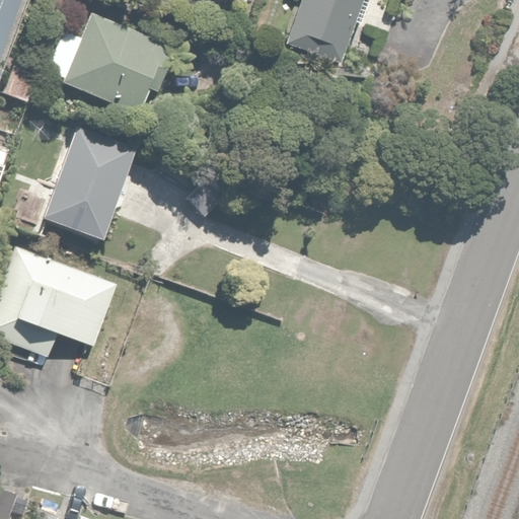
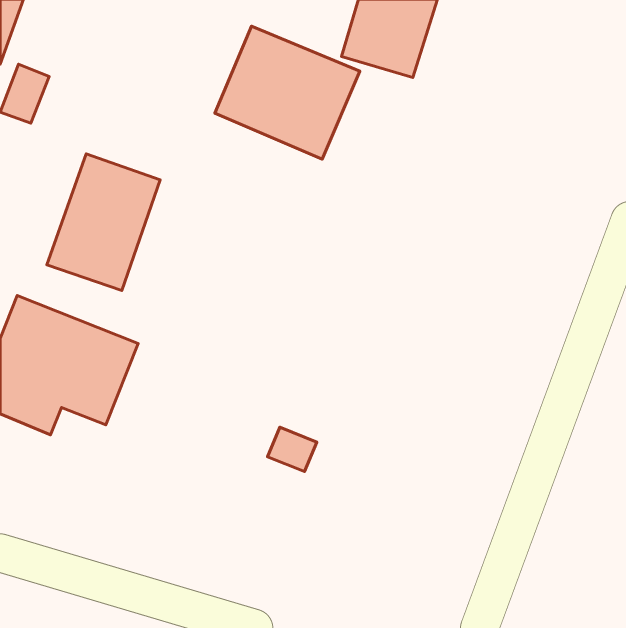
building: [49,11,176,115] -> none
building: none -> [215,26,360,159]

